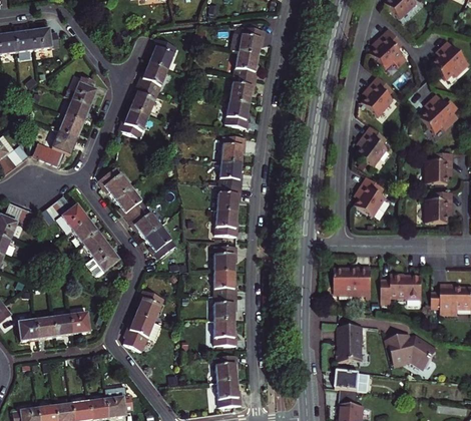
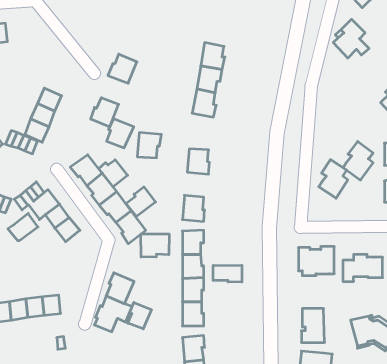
building: [230,26,265,55] -> none
building: [31,28,58,50] -> none
building: [148,39,177,71] -> none
building: [363,74,395,114] -> none
building: [61,75,95,106] -> none
building: [130,85,158,115] -> [107,119,134,148]
building: [357,123,388,163] -> [343,141,373,180]
building: [221,136,247,162] -> [137,133,161,158]
building: none -> [99,160,128,187]
building: [216,185,242,212] -> none
building: none -> [126,187,156,217]
building: [87,246,118,274] -> [8,213,38,240]
building: none -> [141,234,169,257]
building: none -> [213,265,242,282]
building: none -> [128,302,151,329]

